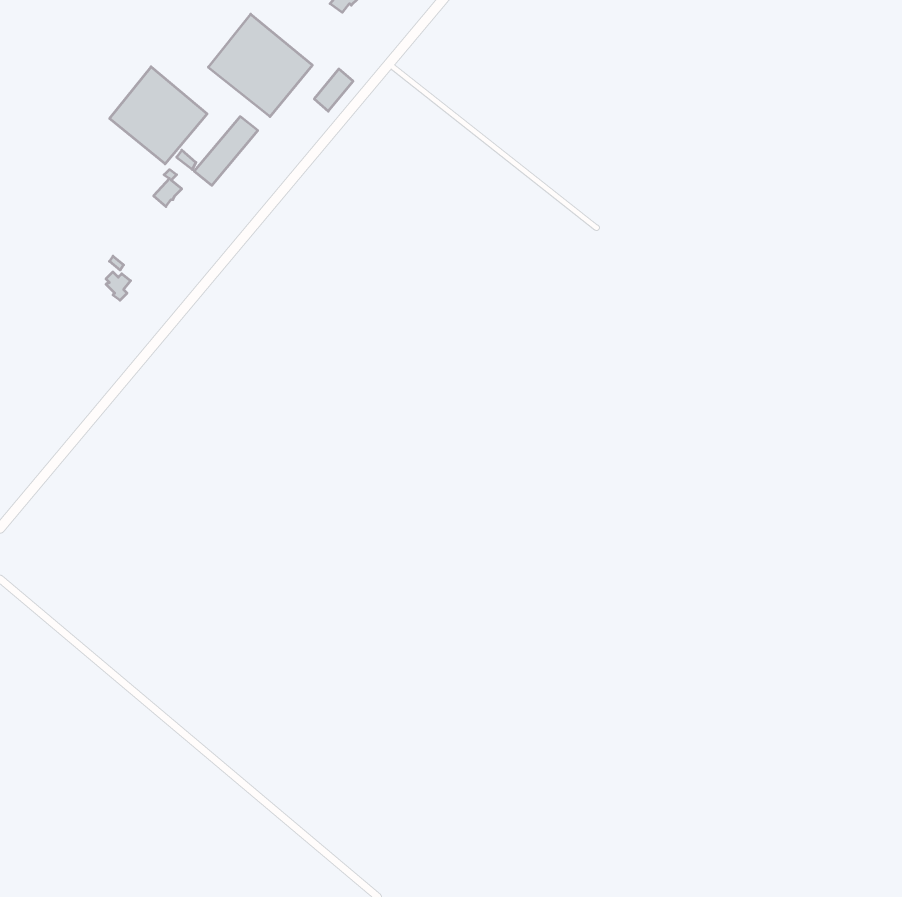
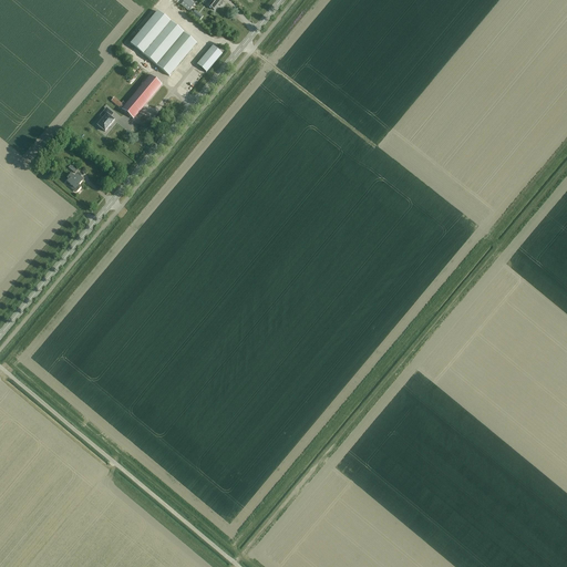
building: [110,67,207,164] -> none

